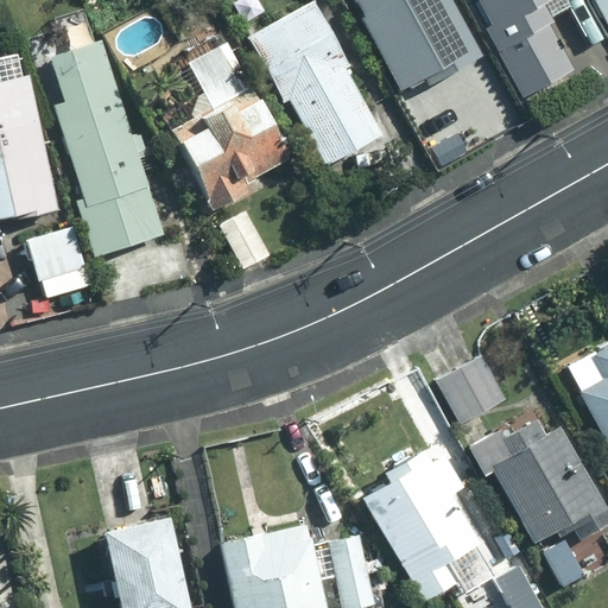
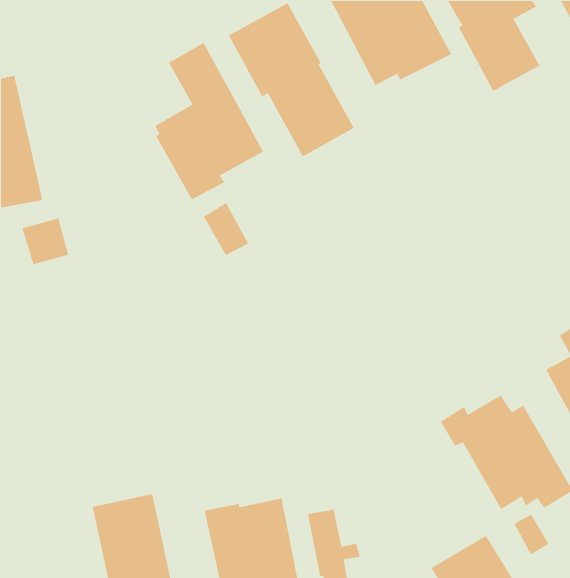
building: [50,43,163,256] -> none
building: [439,354,505,419] -> none
building: [362,446,479,595] -> none

